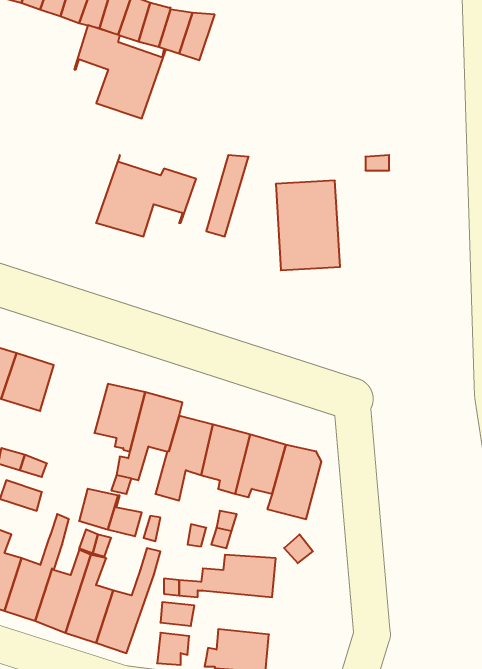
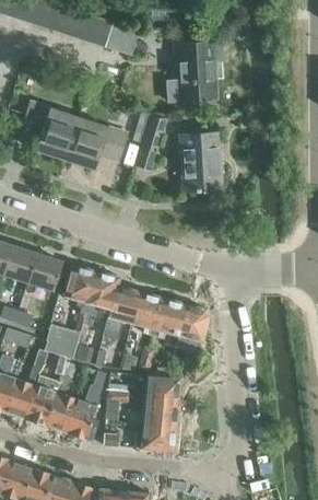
building: [74,25,166,118] -> [21,101,80,161]
building: none -> [167,42,222,101]
building: none -> [28,253,62,290]
building: none -> [132,398,178,427]

